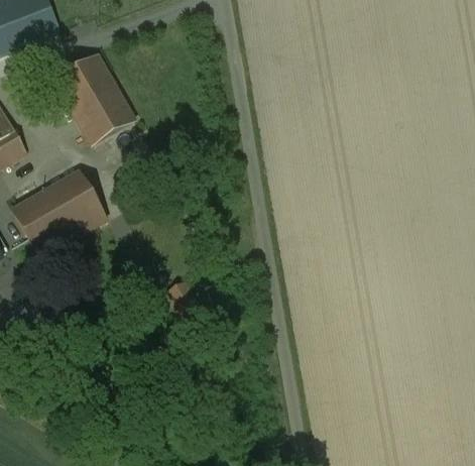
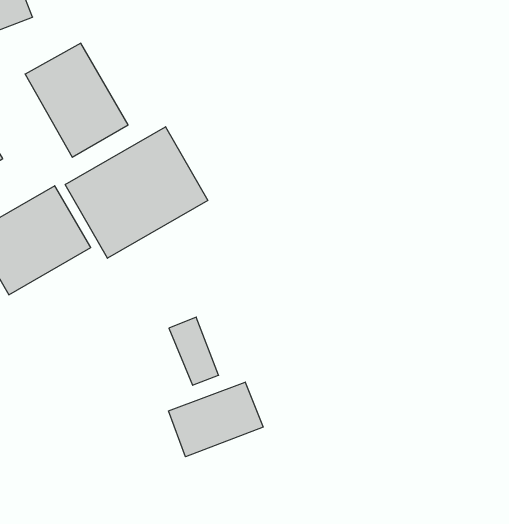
building: none -> [65,127,208,258]
building: none -> [168,382,263,457]

